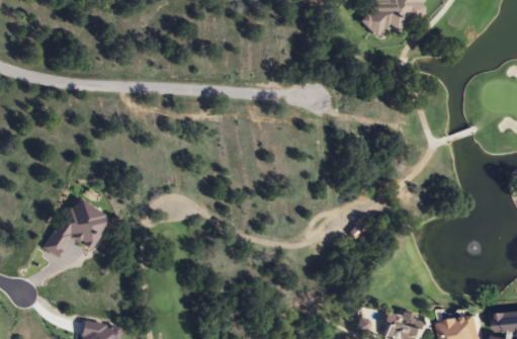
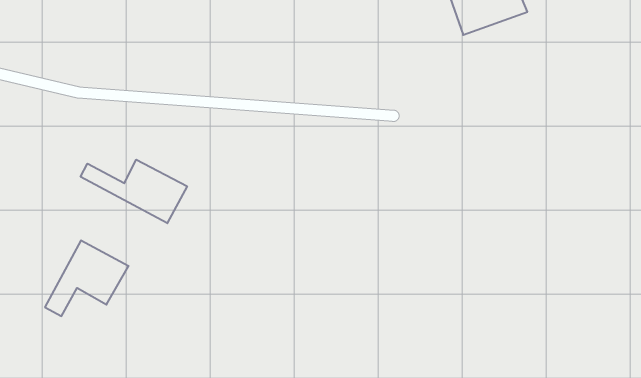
building: none -> [81,160,187,223]

